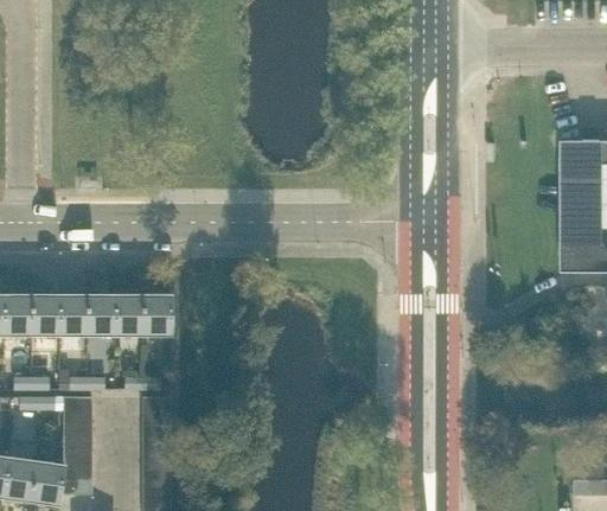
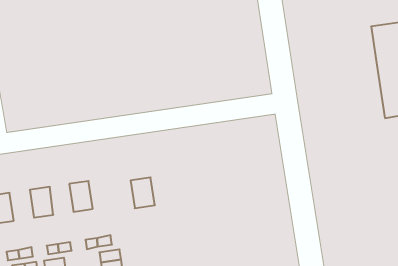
building: [28,294,57,333] -> none
building: [84,294,113,333] -> none
building: [140,294,168,333] -> [131,177,155,208]

